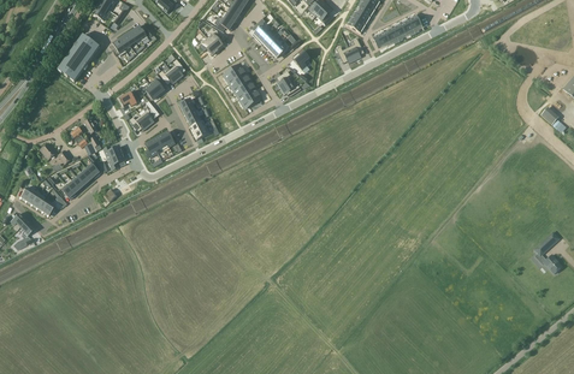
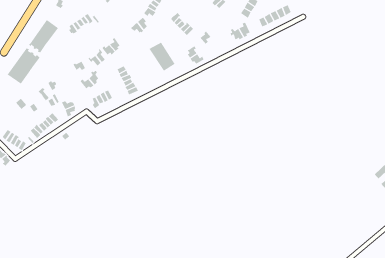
building: none -> [7,47,40,85]

